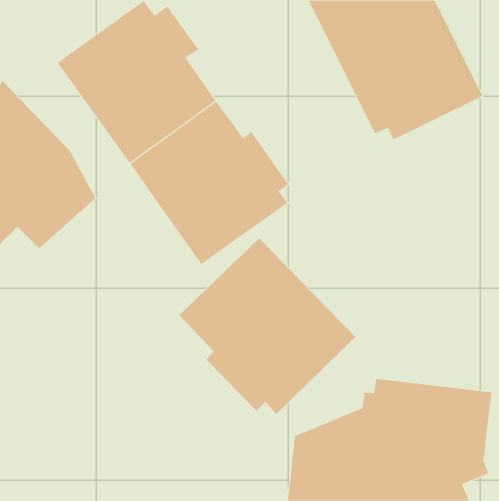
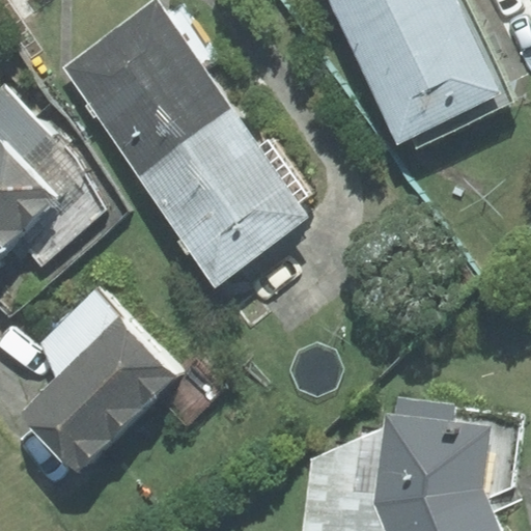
building: [178,237,356,415] -> none
building: none -> [20,288,180,475]

